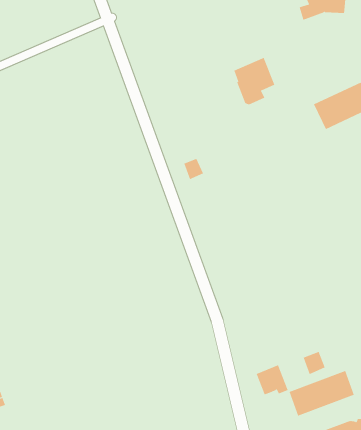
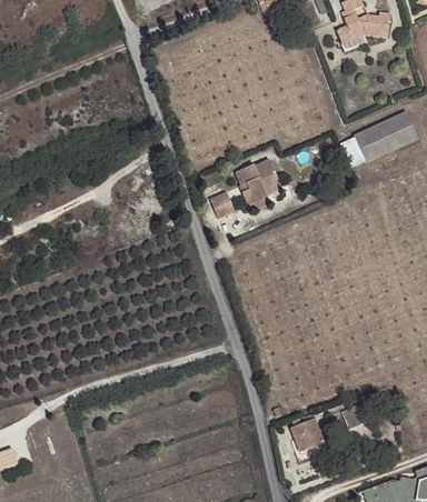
building: [233,57,275,105] -> [236,158,281,210]
building: [289,370,354,416] -> none

